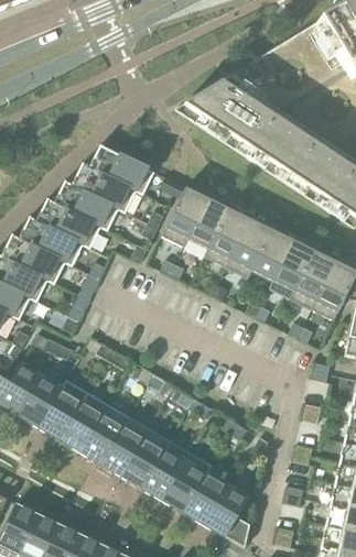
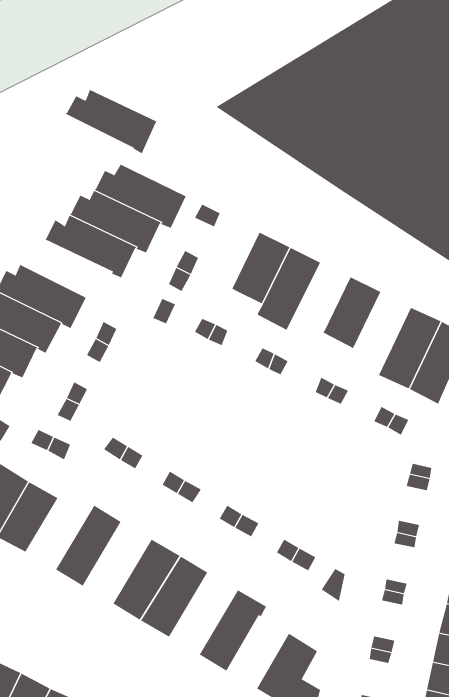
building: [161,187,206,247] -> none
building: [35,203,101,249] -> [65,89,158,154]
building: [226,219,271,277] -> none
building: [269,240,314,299] -> none
building: [40,379,88,438] -> none
building: [80,404,129,462] -> none
building: [142,440,191,499] -> none
building: [183,471,227,523] -> none

